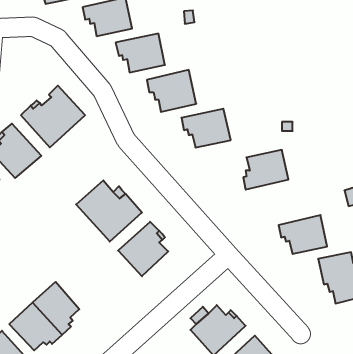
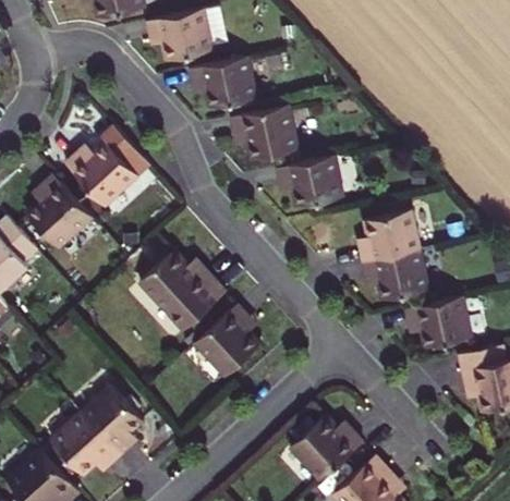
building: none -> [363,249,428,300]

